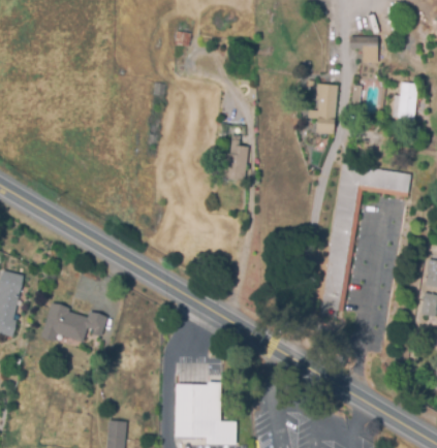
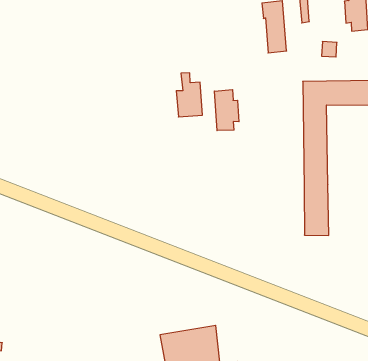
building: none -> [214,90,239,131]
building: [40,303,104,342] -> none

